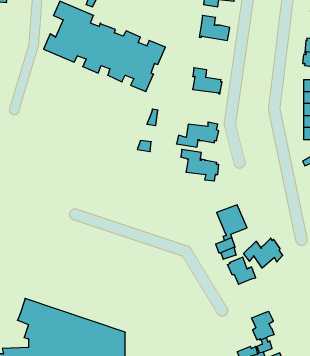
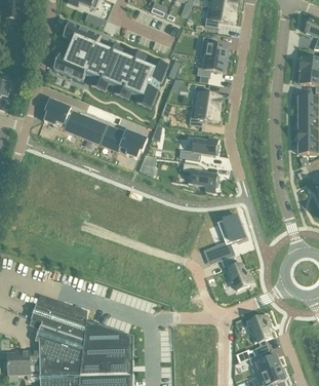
building: none -> [197,55,227,83]
building: none -> [45,99,148,158]
building: none -> [189,105,218,126]
building: [244,238,283,268] -> none

